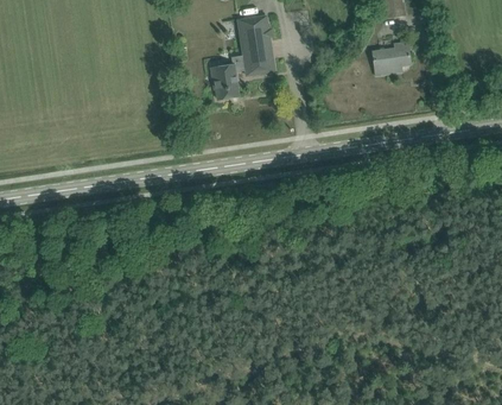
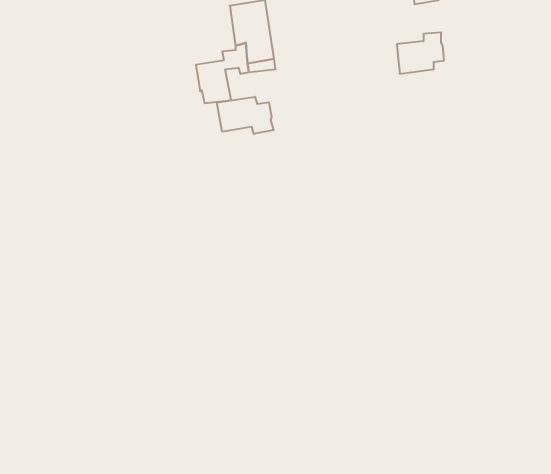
building: none -> [217,97,274,134]

